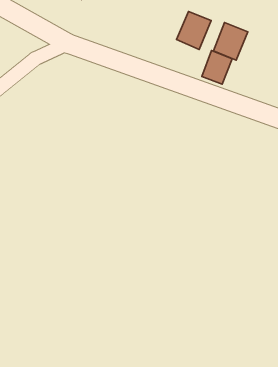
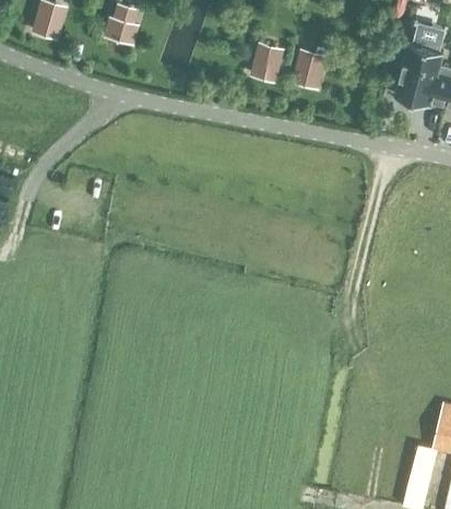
building: [202,50,232,84] -> none

